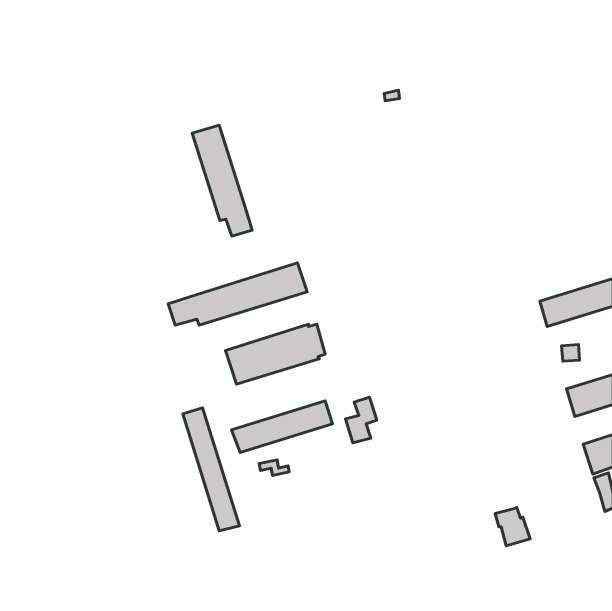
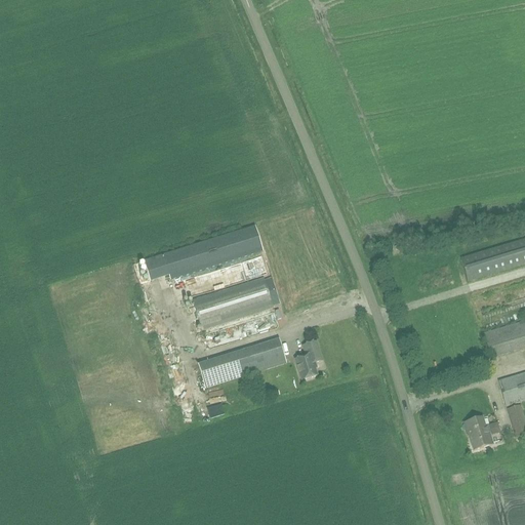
building: [192,125,252,236] -> none
building: [183,408,240,531] -> none
building: [495,508,530,546] -> [465,416,494,449]

